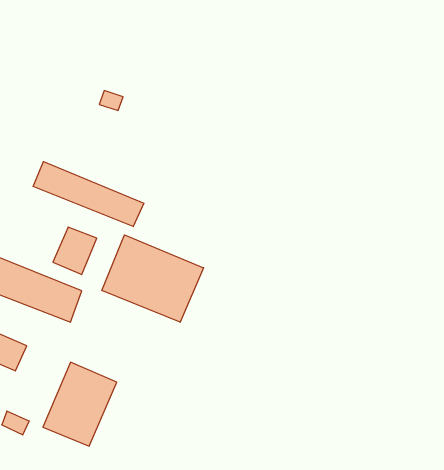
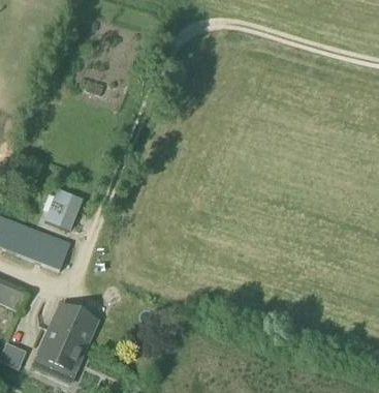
building: [33,162,144,227] -> none
building: [102,235,204,322] -> none

